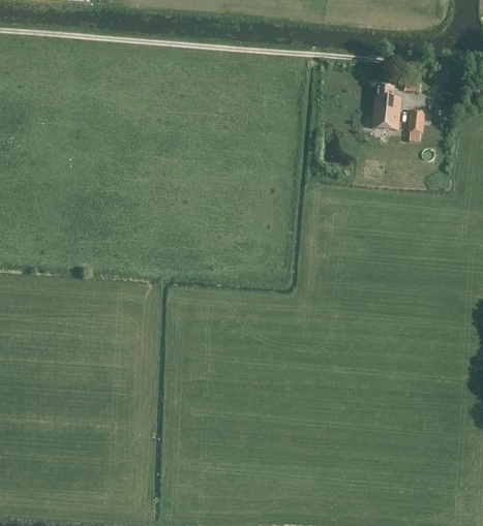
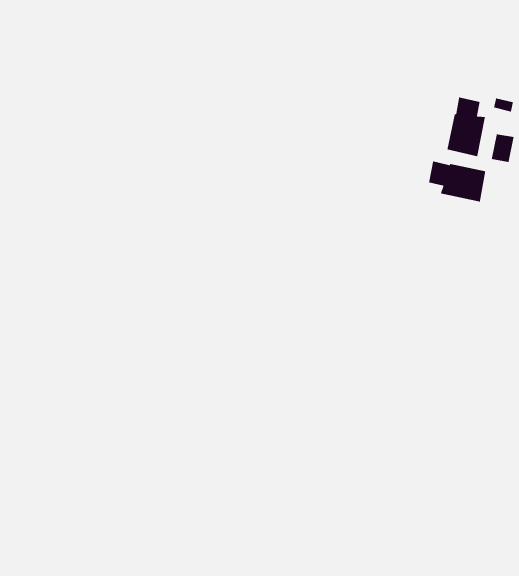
building: none -> [428,160,486,203]

